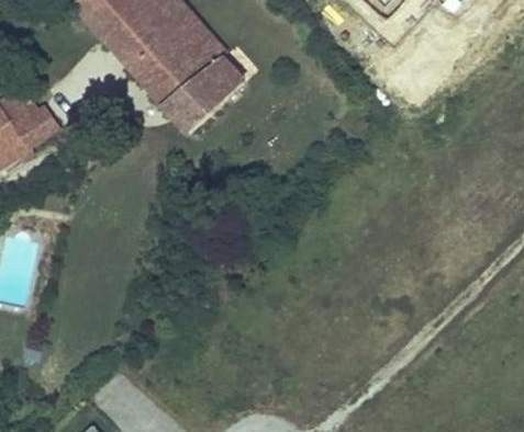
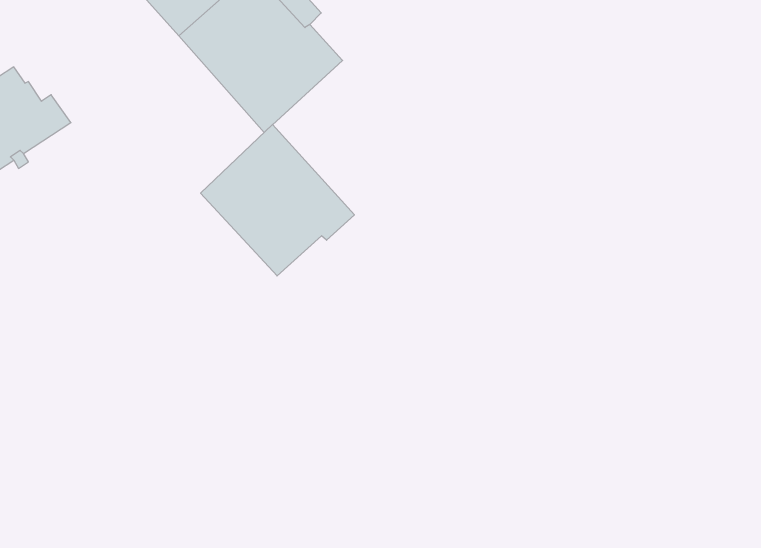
building: none -> [201,124,354,276]

